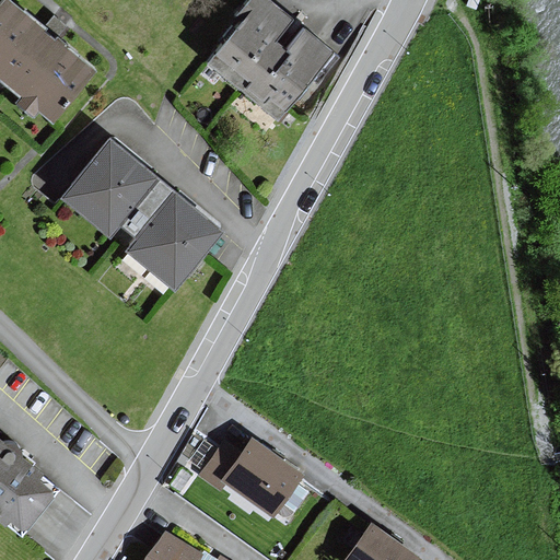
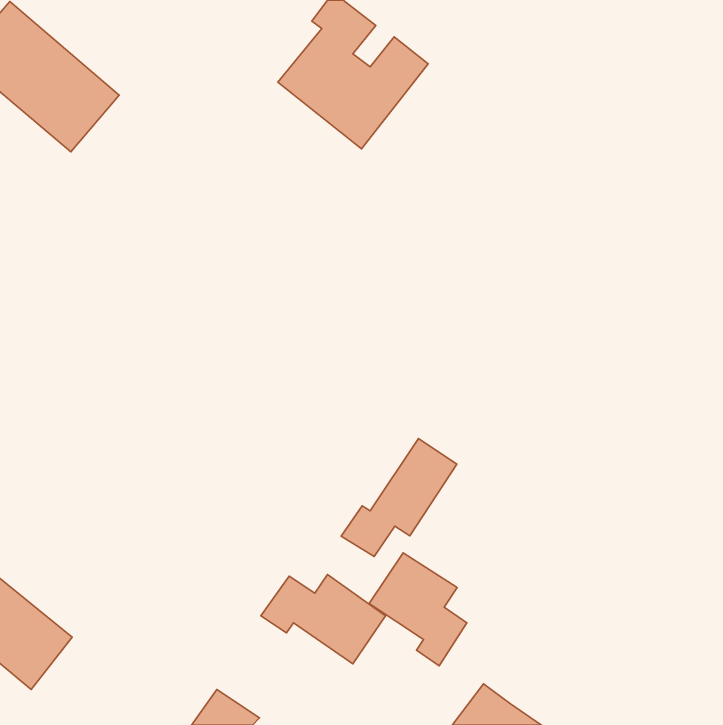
building: [63,139,219,288] -> none
building: none -> [341,438,457,557]
building: none -> [369,553,467,666]

